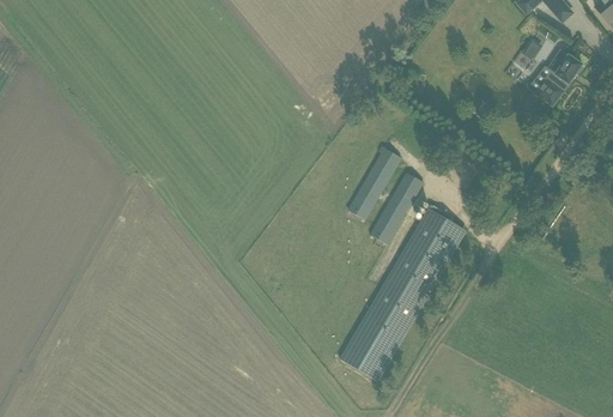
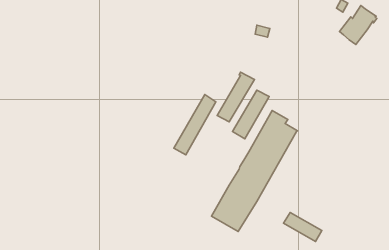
building: none -> [174,95,216,155]
building: none -> [284,213,322,242]

